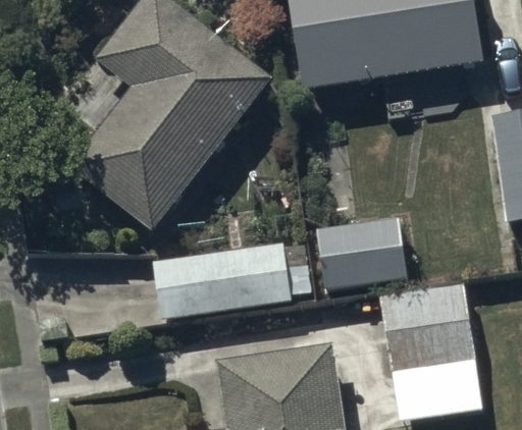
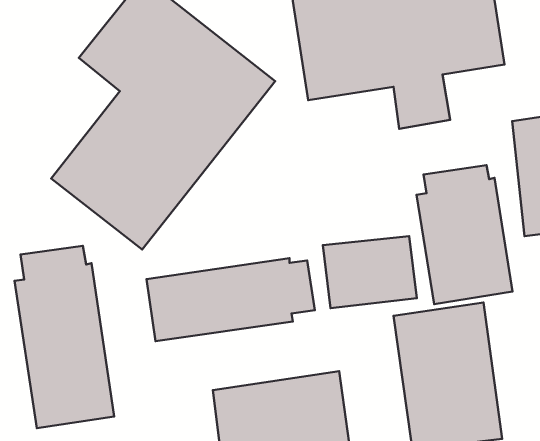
building: none -> [417,165,513,304]
building: none -> [15,246,114,428]

